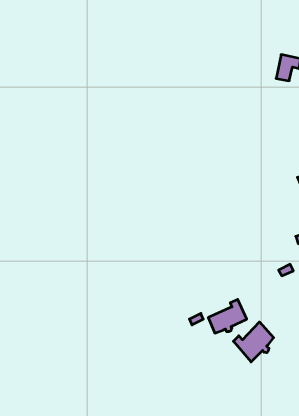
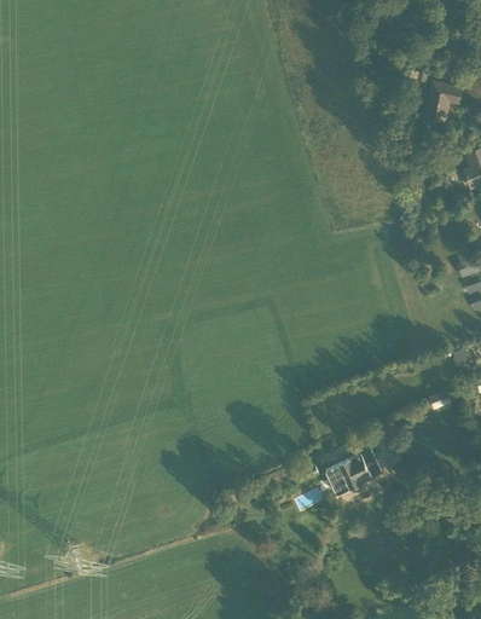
building: [233,322,274,362] -> none

